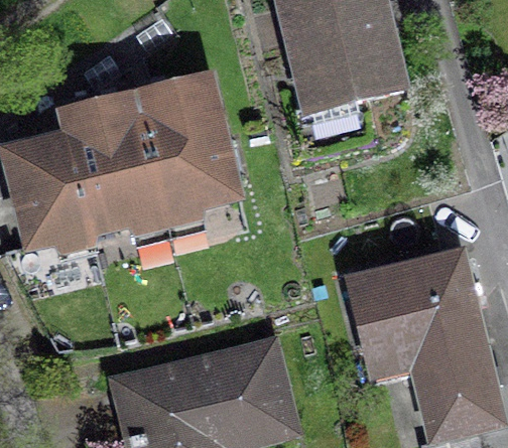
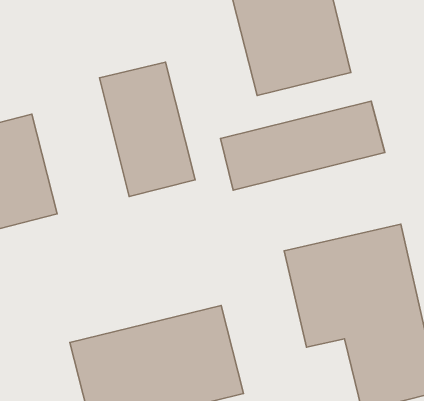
building: [59,90,170,238] -> none
building: none -> [221,101,385,190]

